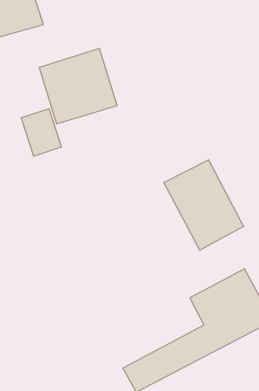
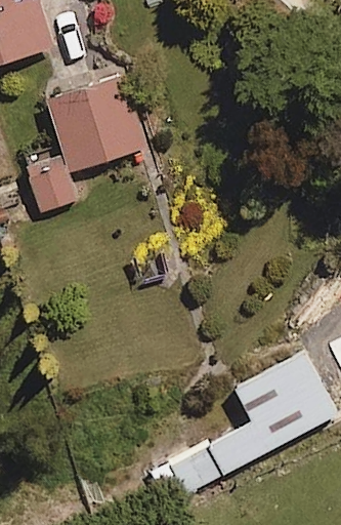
building: [164,160,244,250] -> none

